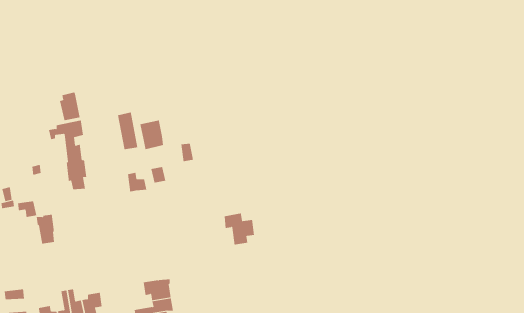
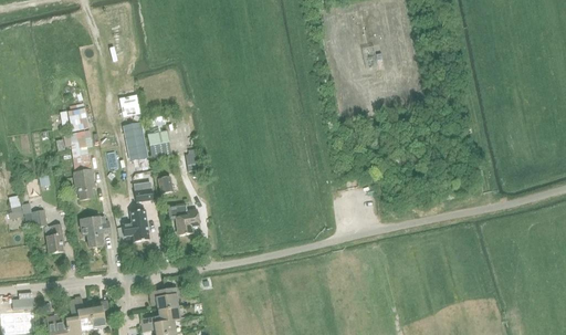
building: none -> [123,210,148,241]
building: none -> [78,217,109,249]
building: [224,213,255,245] -> [168,203,199,235]

